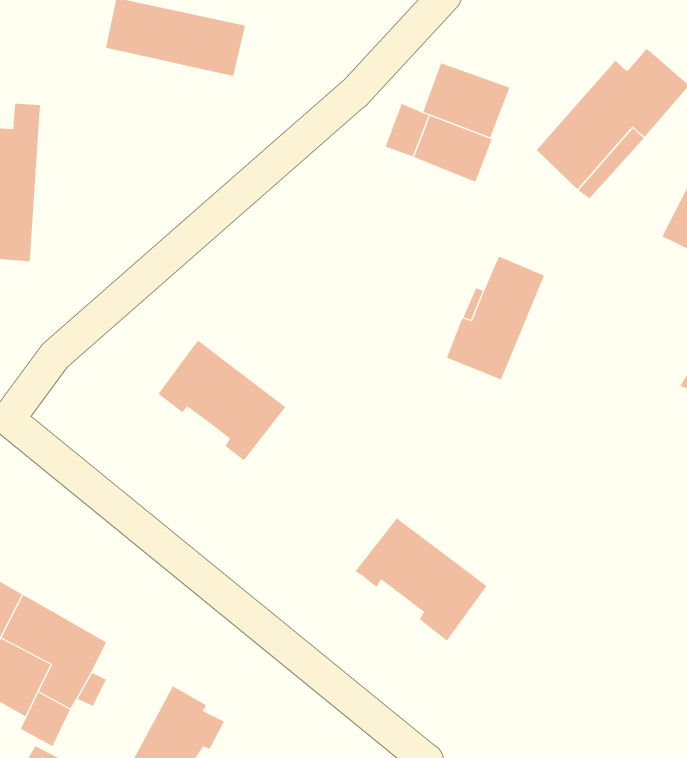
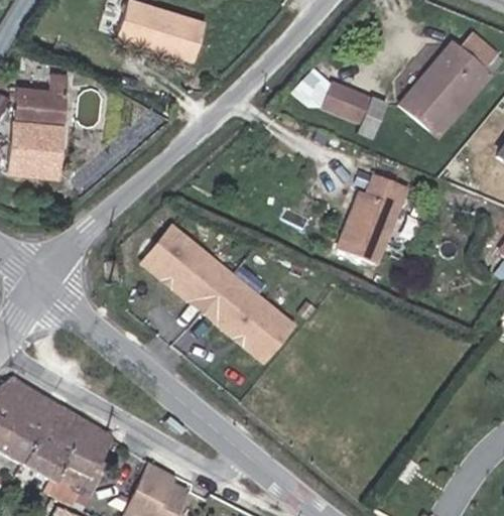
building: [422,62,510,138] -> none
building: [354,517,488,642] -> [204,275,293,359]

